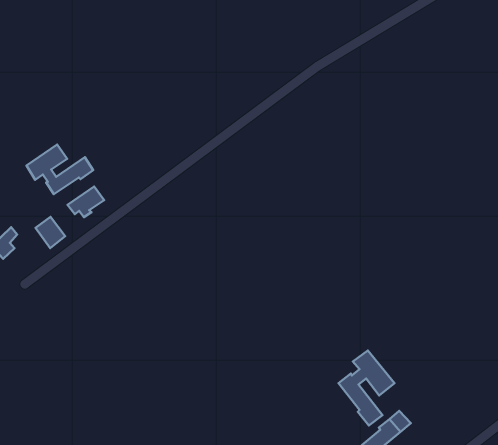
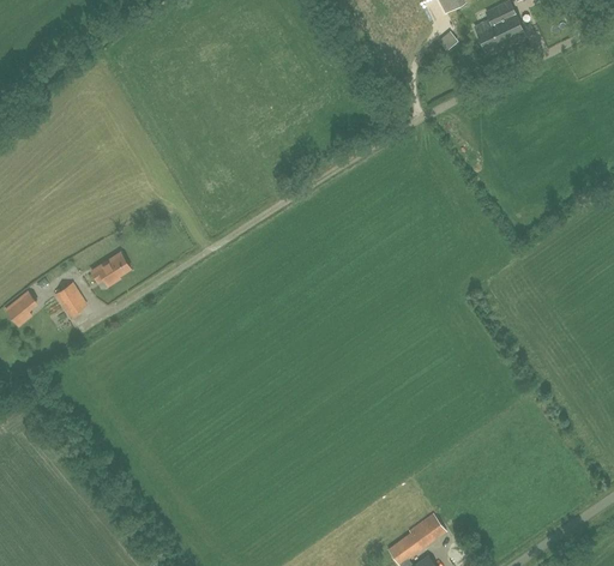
building: [26,144,93,194] -> none
building: [339,350,395,425] -> none

